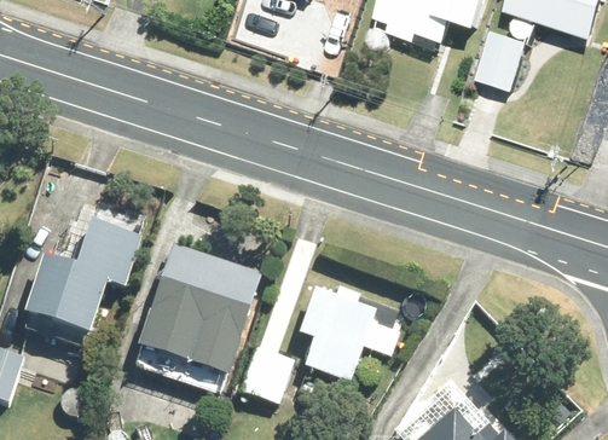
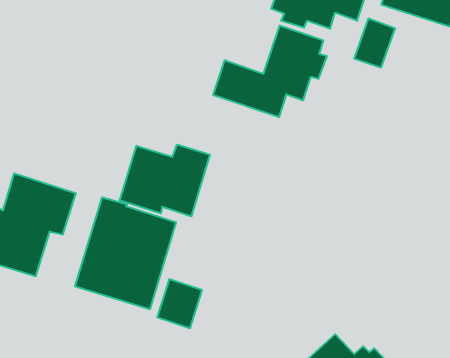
building: none -> [213,26,327,117]
building: none -> [120,145,210,216]
building: [297,289,398,383] -> none

